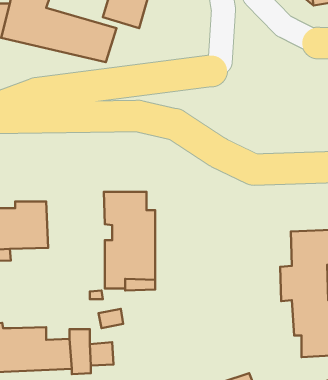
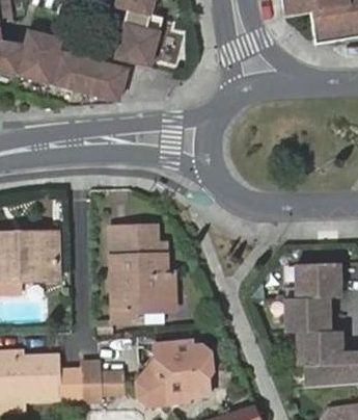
building: none -> [140,338,211,401]

